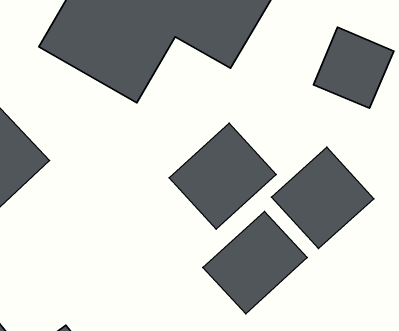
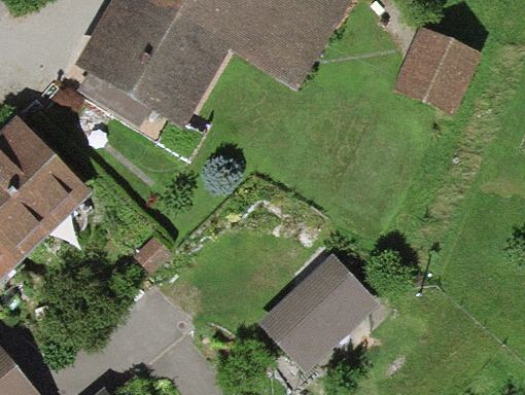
building: [169,123,276,229] -> none
building: [272,147,374,249] -> none

